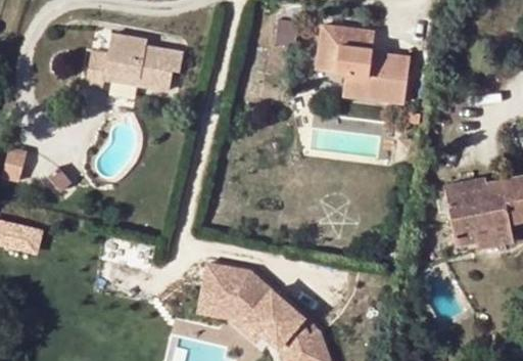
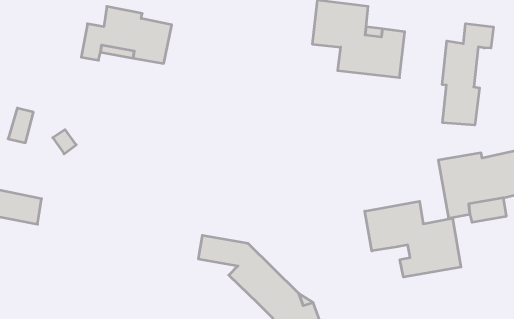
building: none -> [442,24,493,125]
building: none -> [365,201,461,277]
building: [199,286,264,340] -> none

